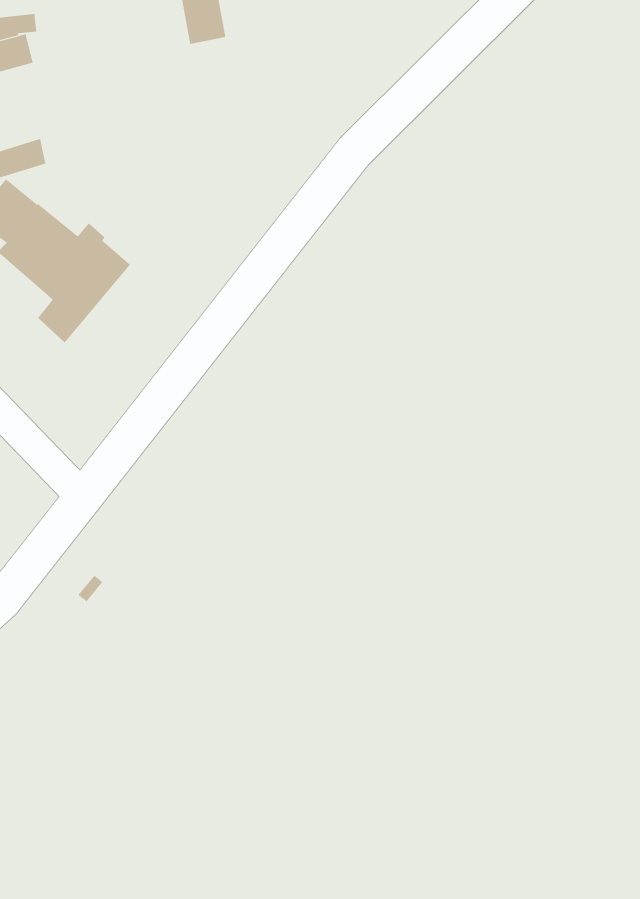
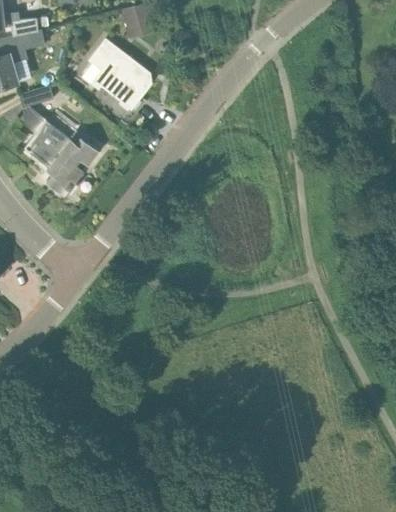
building: none -> [89,39,150,108]

